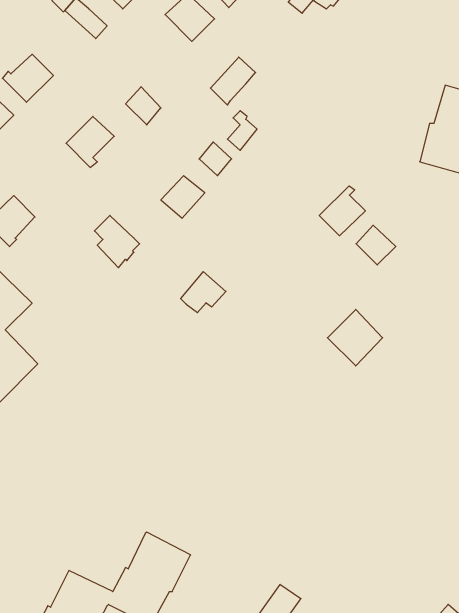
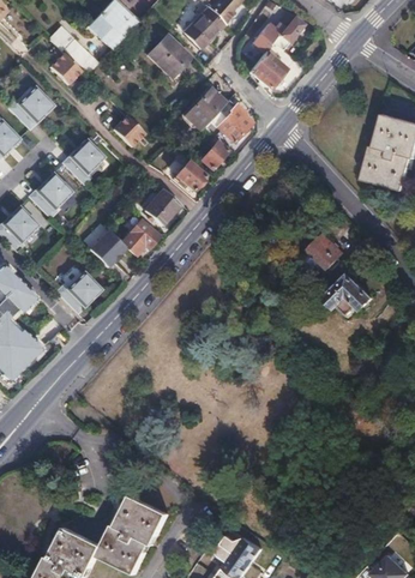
building: none -> [248,50,291,91]
building: none -> [49,53,83,85]
building: none -> [216,100,251,142]
building: none -> [30,173,71,216]
building: [319,186,365,236] -> none
building: [181,272,226,313] -> [121,219,160,254]
building: none -> [56,271,101,312]
building: [327,309,383,366] -> [325,271,372,319]

